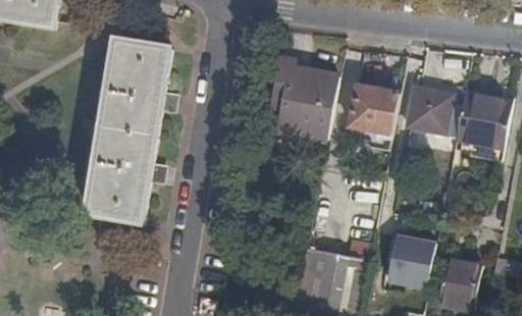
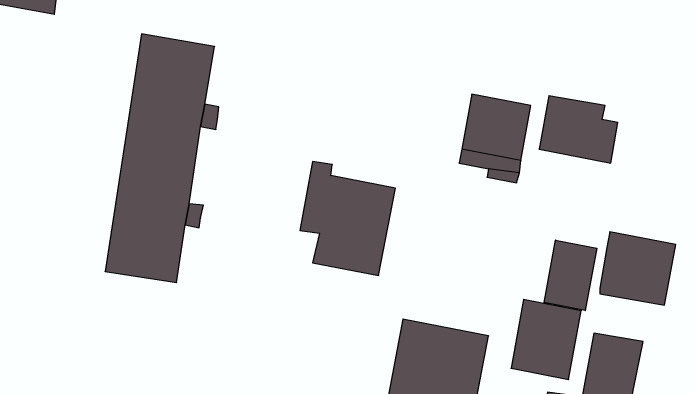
building: [267,57,336,140] -> [300,162,395,275]
building: [455,94,510,147] -> [600,232,676,305]
building: none -> [544,240,597,311]

